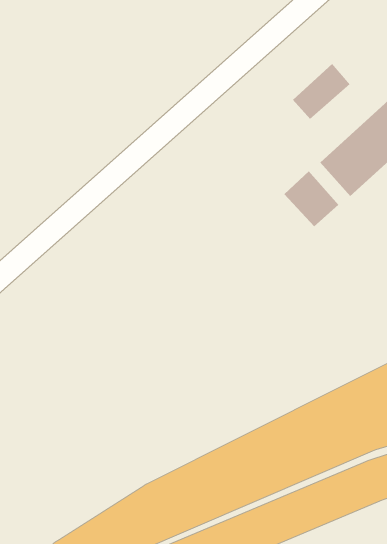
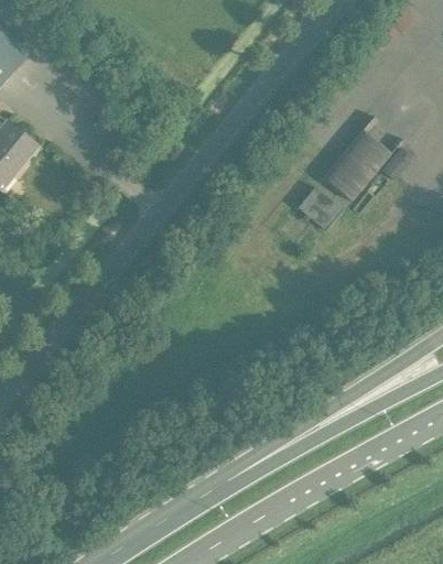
building: [292,63,350,120] -> none

